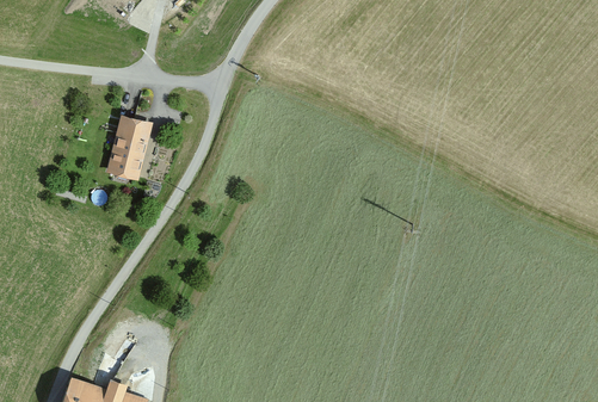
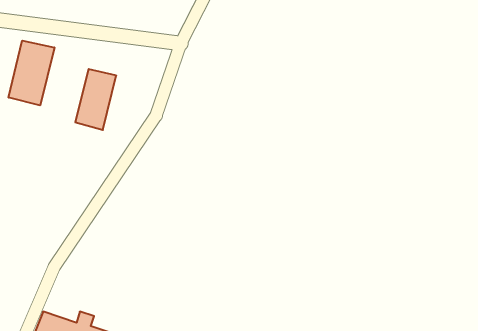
building: none -> [9,41,54,105]

